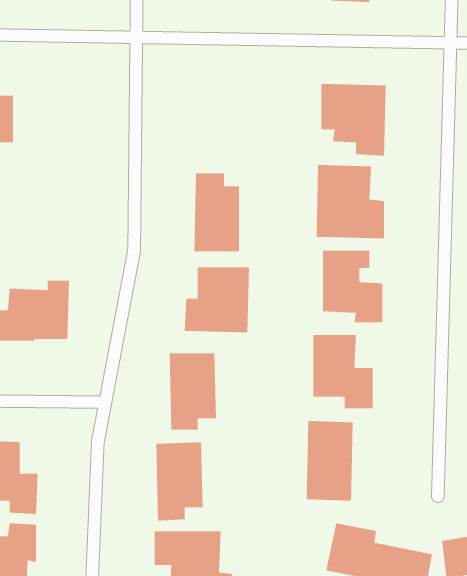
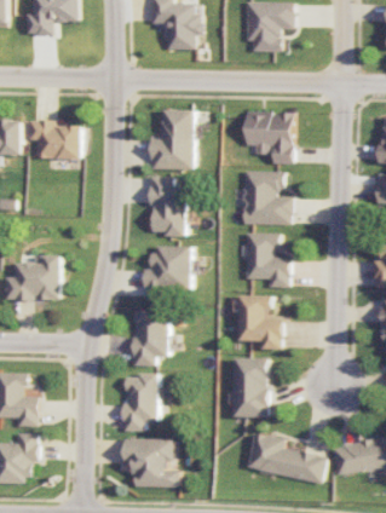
building: none -> [151,109,195,169]
building: none -> [28,120,79,158]

